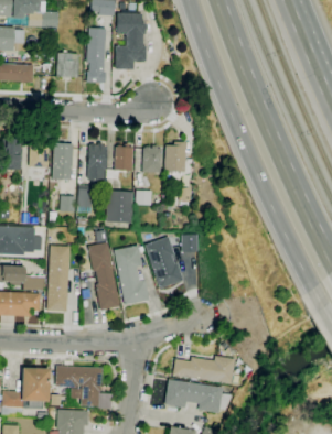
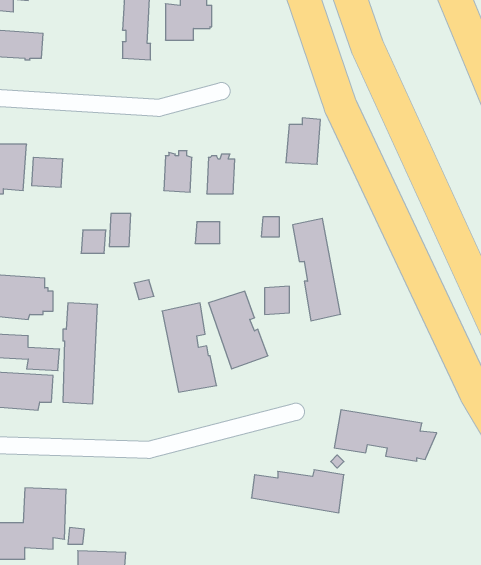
building: [57,53,79,78] -> none
building: [164,141,188,172] -> [286,118,320,164]
building: [52,143,74,180] -> none
building: [87,143,107,185] -> none
building: [106,191,133,224] -> none
building: [88,242,120,311] -> [293,218,341,321]
building: [55,366,103,406] -> none
building: [164,379,233,413] -> [334,410,437,461]

